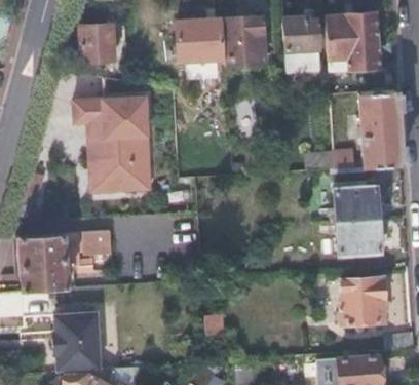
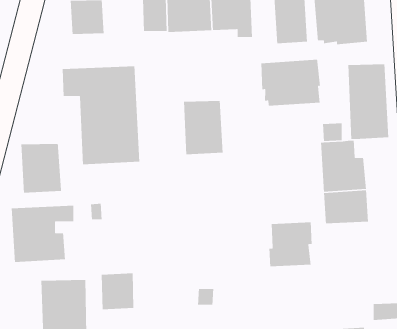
building: none -> [260,59,321,106]
building: none -> [183,100,224,155]
building: none -> [21,143,62,194]
building: [339,277,383,323] -> [269,221,312,267]
building: none -> [101,272,134,310]

